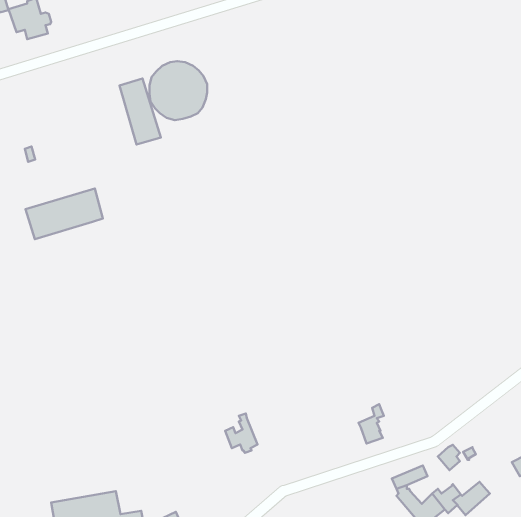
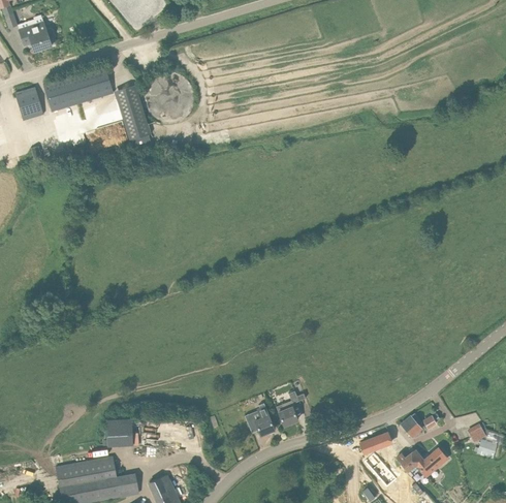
building: none -> [14,87,43,120]
building: [26,188,103,239] -> [43,66,113,112]
building: [358,404,384,444] -> [276,390,298,426]
building: [225,413,257,453] -> [245,402,274,437]
building: none -> [105,418,132,446]

